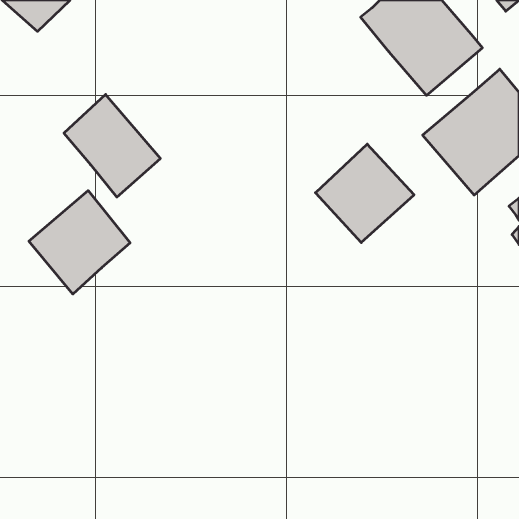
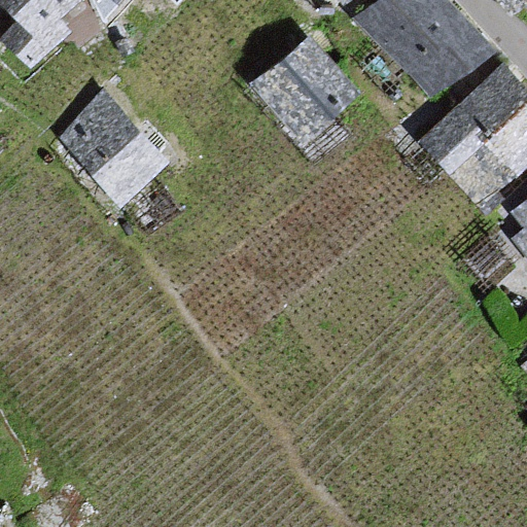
building: [315,144,414,243] -> [255,41,355,141]
building: [29,191,130,294] -> none

